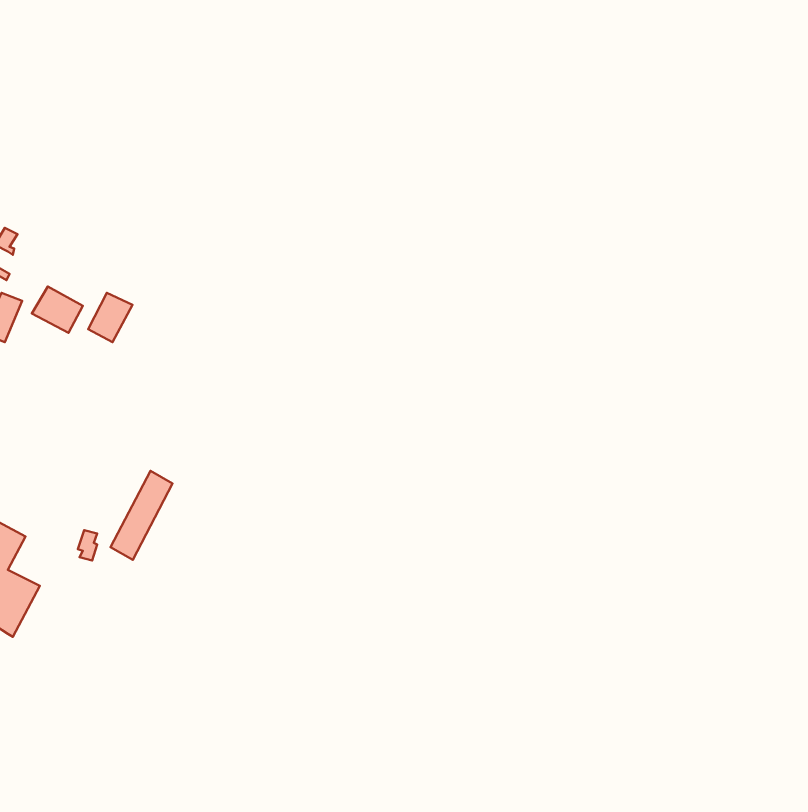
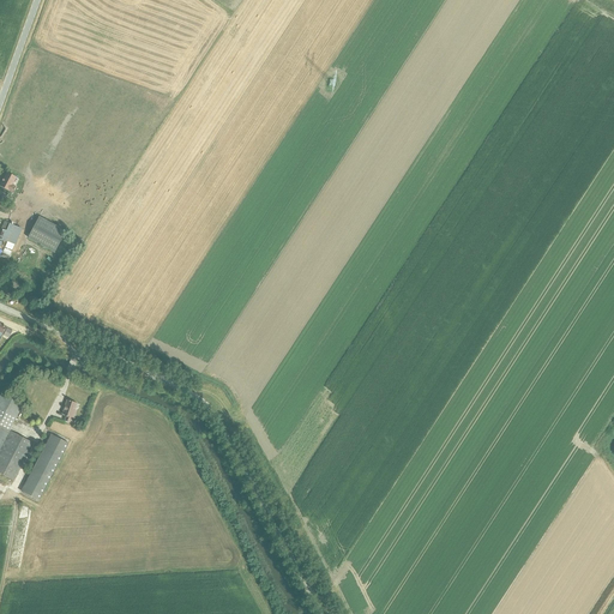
building: [88,293,133,342] -> none
building: [111,471,173,560] -> [18,433,65,500]

